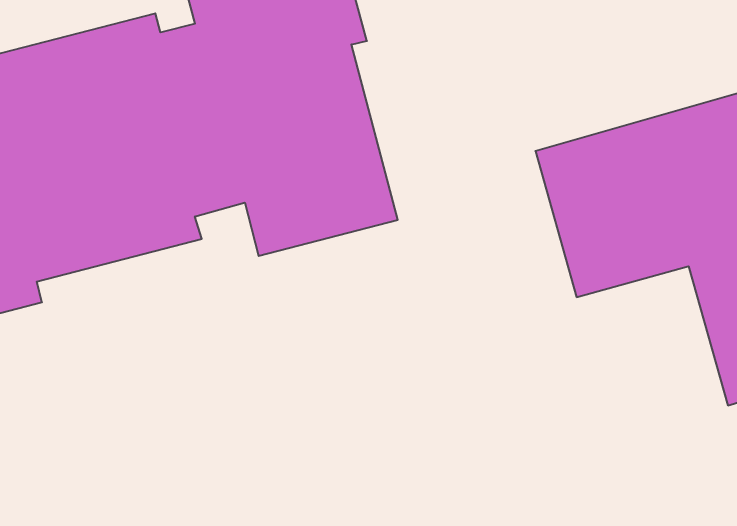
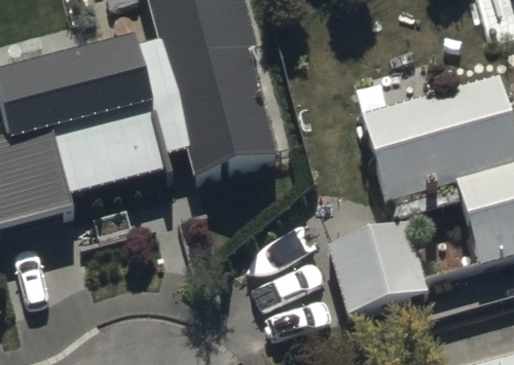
building: none -> [326,220,426,309]

